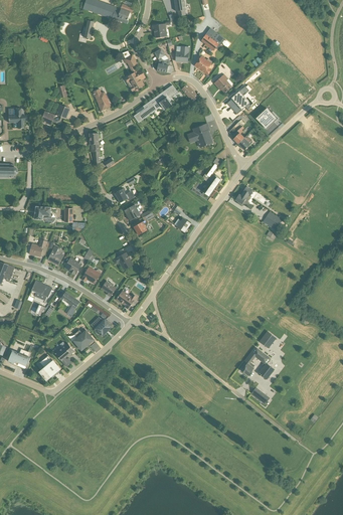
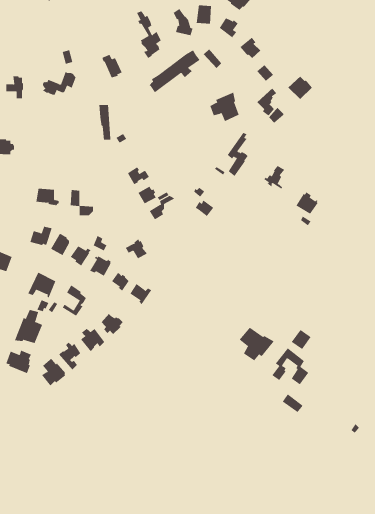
building: none -> [14,309,43,344]
building: none -> [239,327,274,361]

